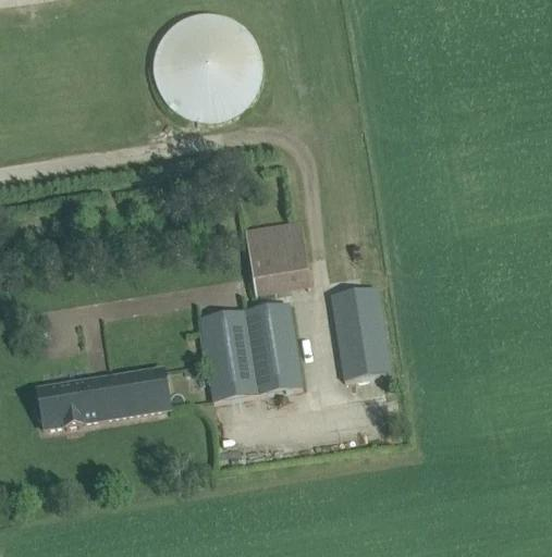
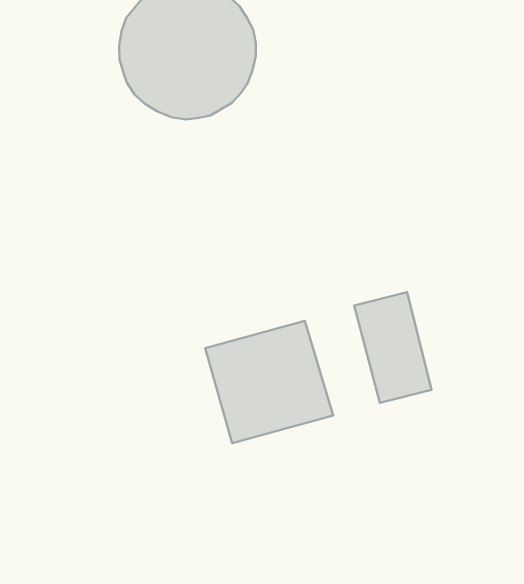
building: [245,221,311,296] -> none
building: [36,369,171,428] -> none

